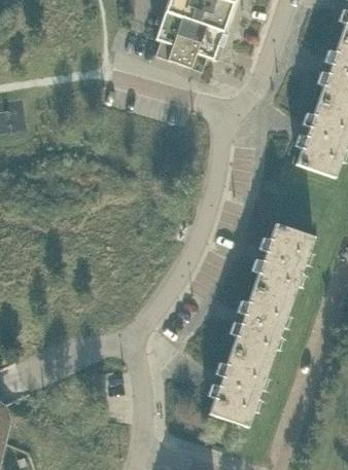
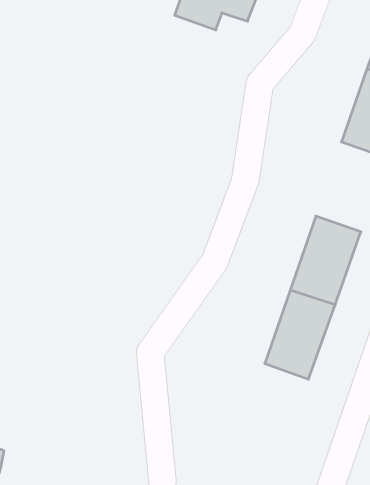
building: [209,350,269,426] -> none

